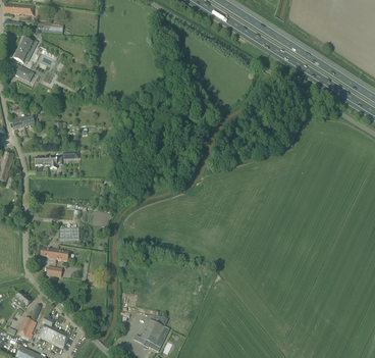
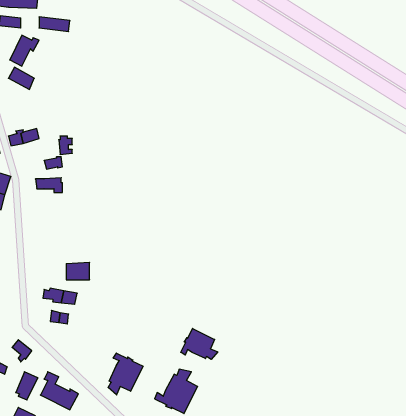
building: none -> [181,328,218,359]
building: none -> [108,353,143,395]

